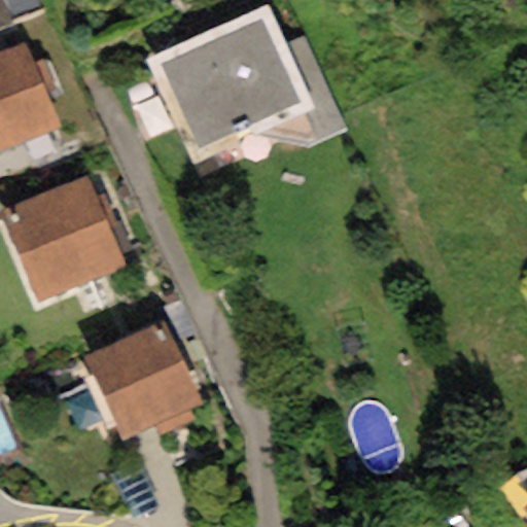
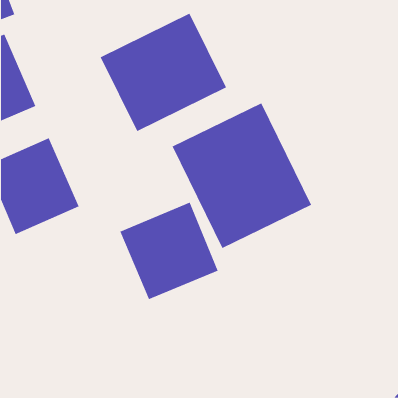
building: none -> [172,102,312,249]
building: [76,326,203,452] -> [119,202,218,300]

